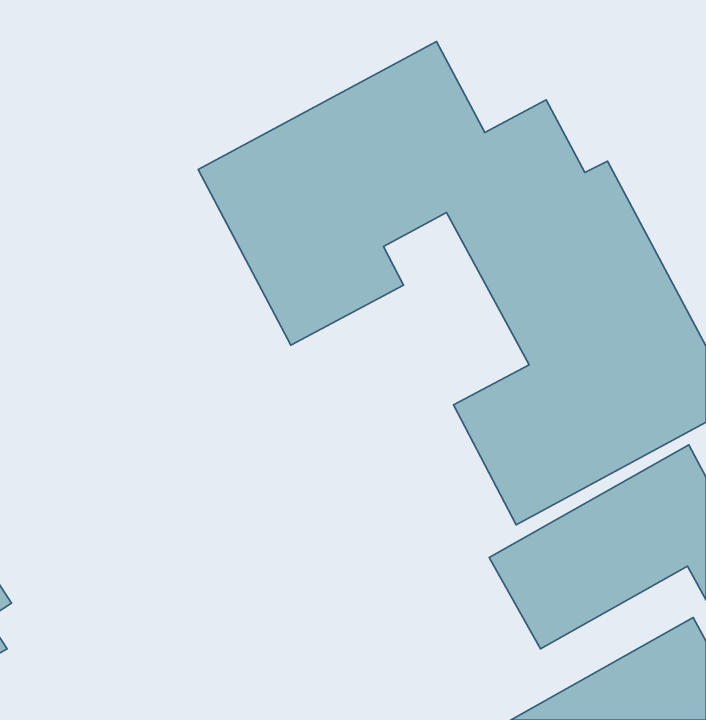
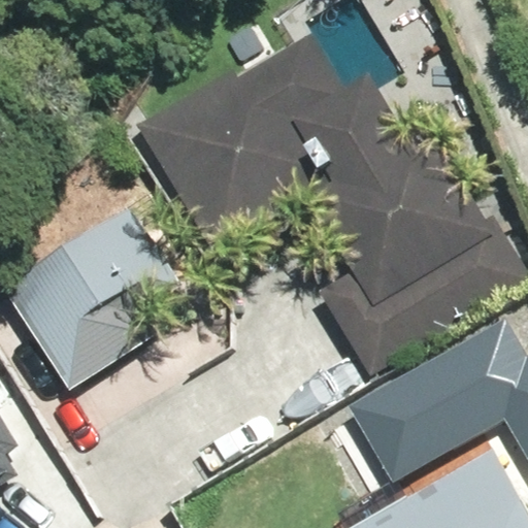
building: none -> [15,216,201,392]

